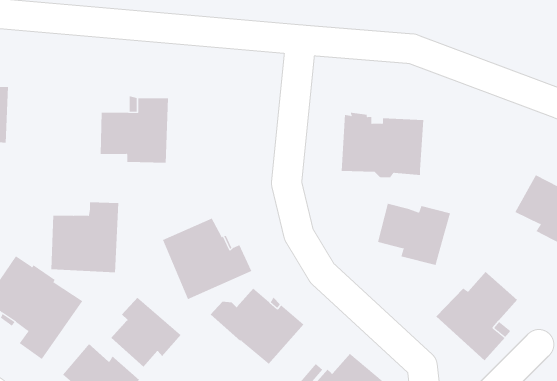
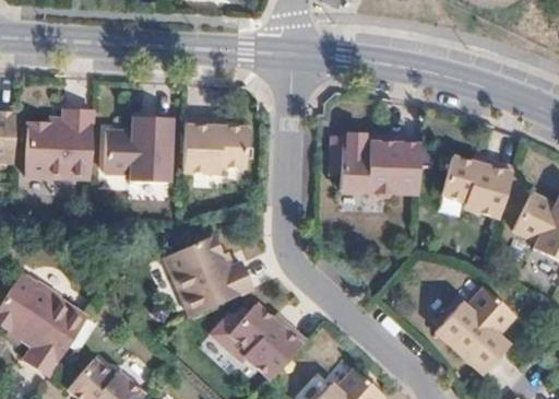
building: none -> [185,115,249,169]
building: [50,202,119,273] -> [26,108,94,178]
building: [377,203,451,265] -> [440,157,512,219]
building: [111,297,181,367] -> none

